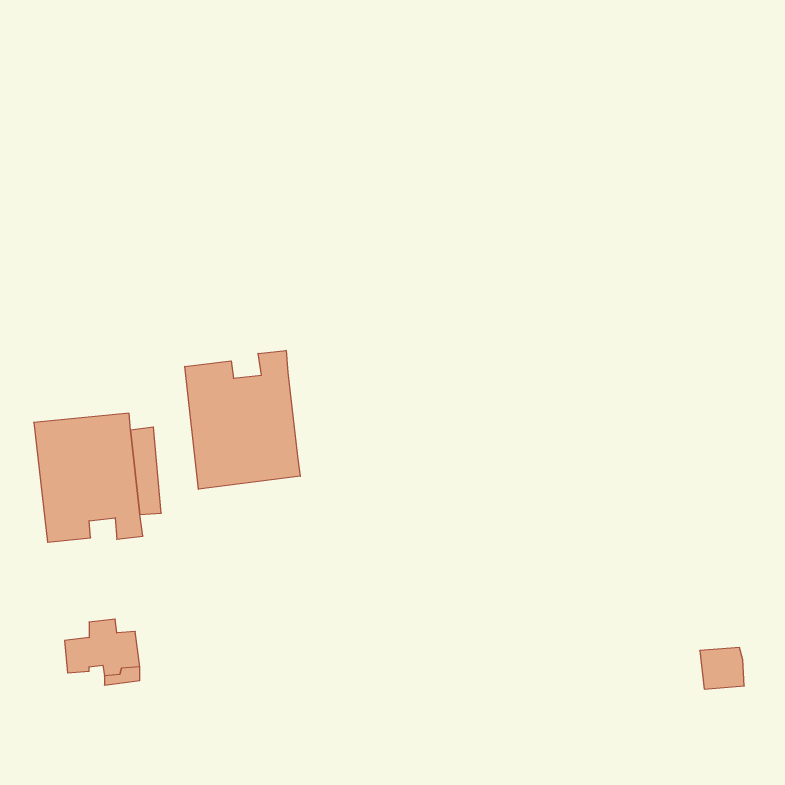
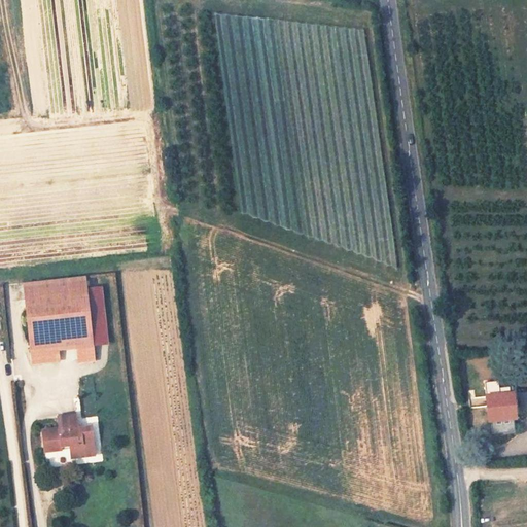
building: [185,350,300,489] -> none
building: [700,648,744,689] -> [486,396,516,424]

